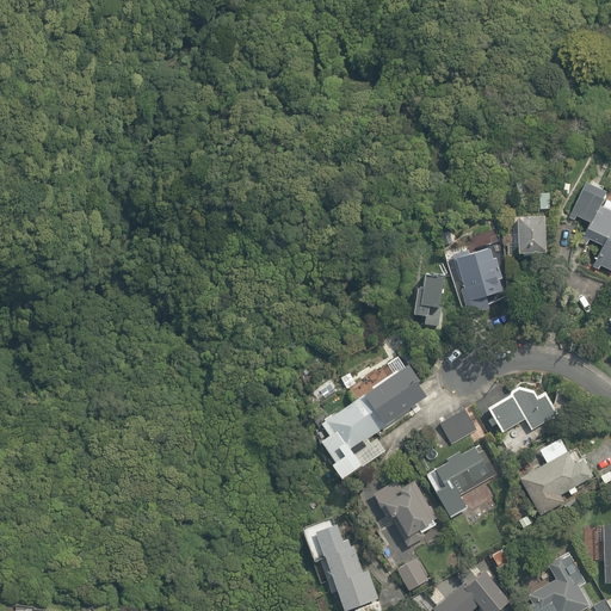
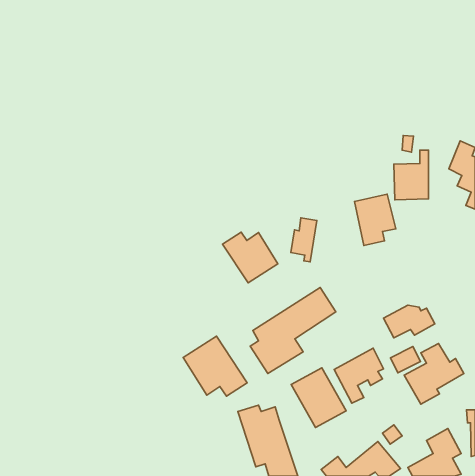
building: [411,271,444,327] -> [291,218,317,262]
building: none -> [223,232,278,283]
building: [438,409,476,443] -> [390,347,420,373]
building: none -> [183,336,247,396]
building: [395,556,427,590] -> none

